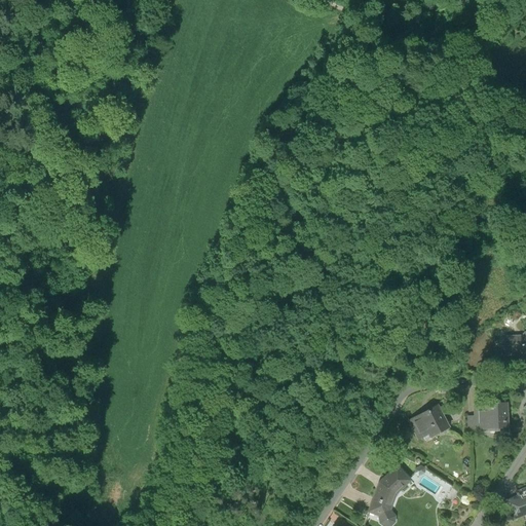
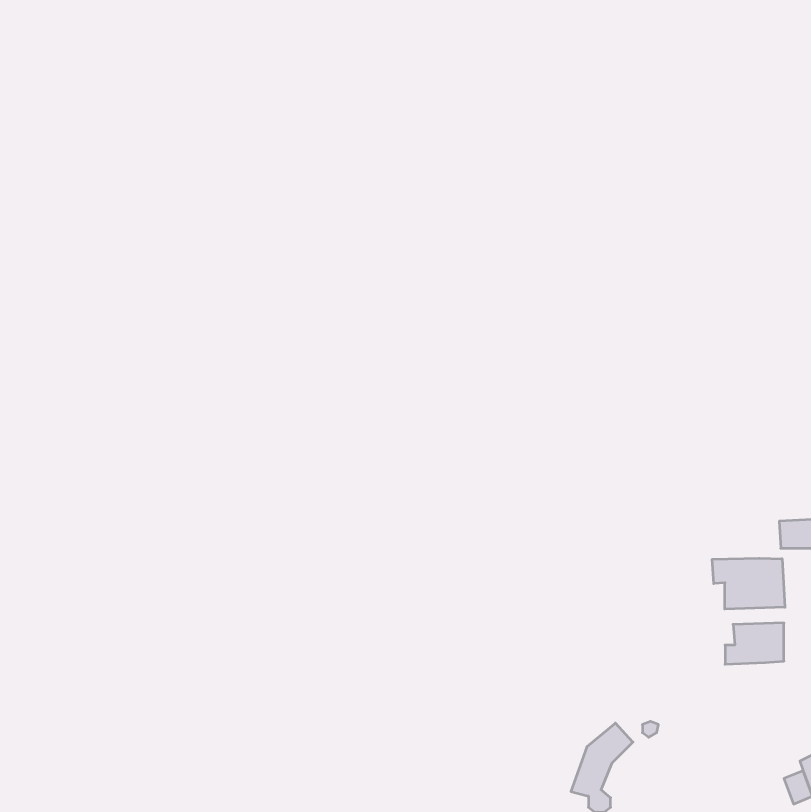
building: none -> [712,558,785,609]
building: [410,406,450,439] -> none

